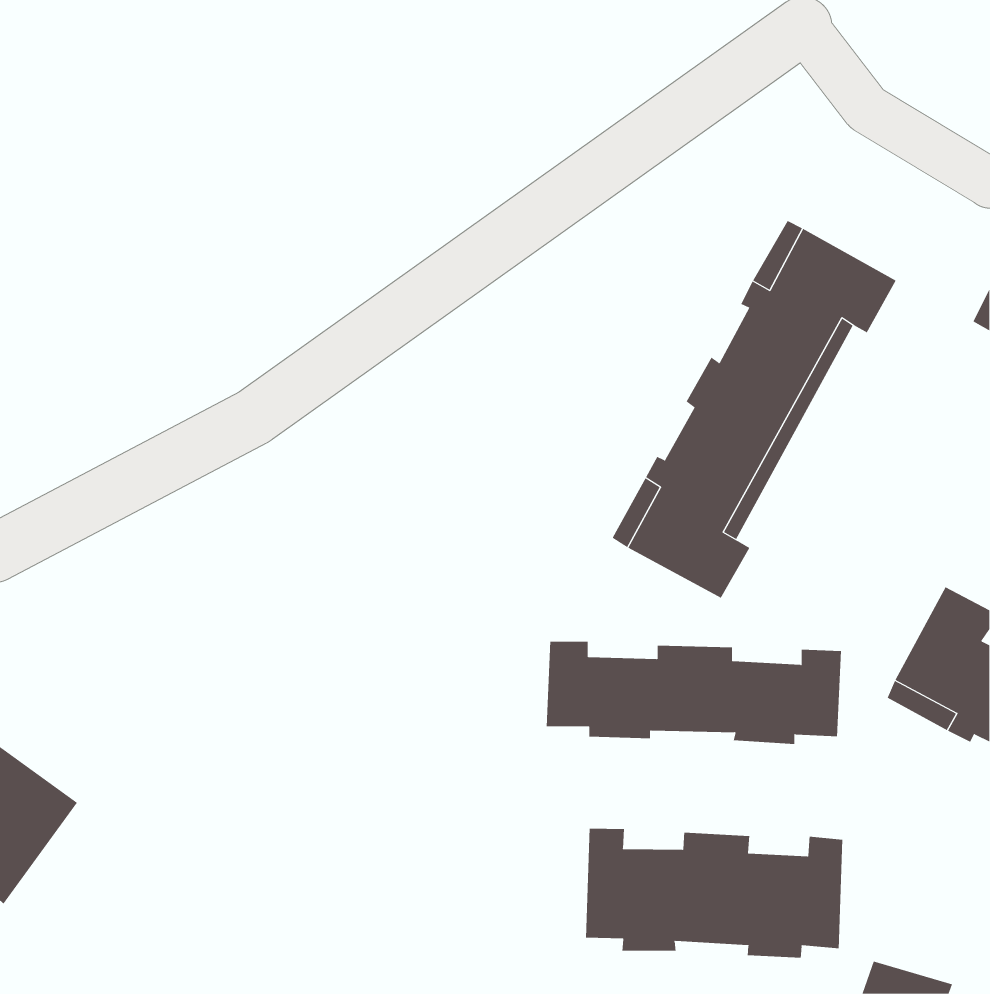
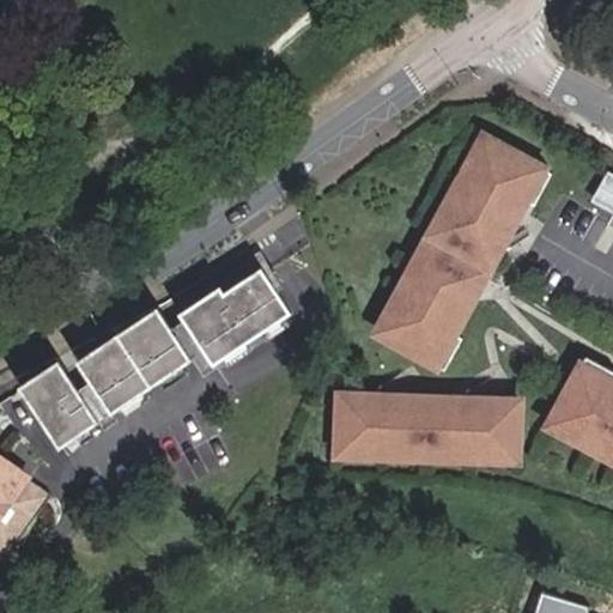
building: none -> [16,266,289,453]
building: [585,828,843,958] -> none

